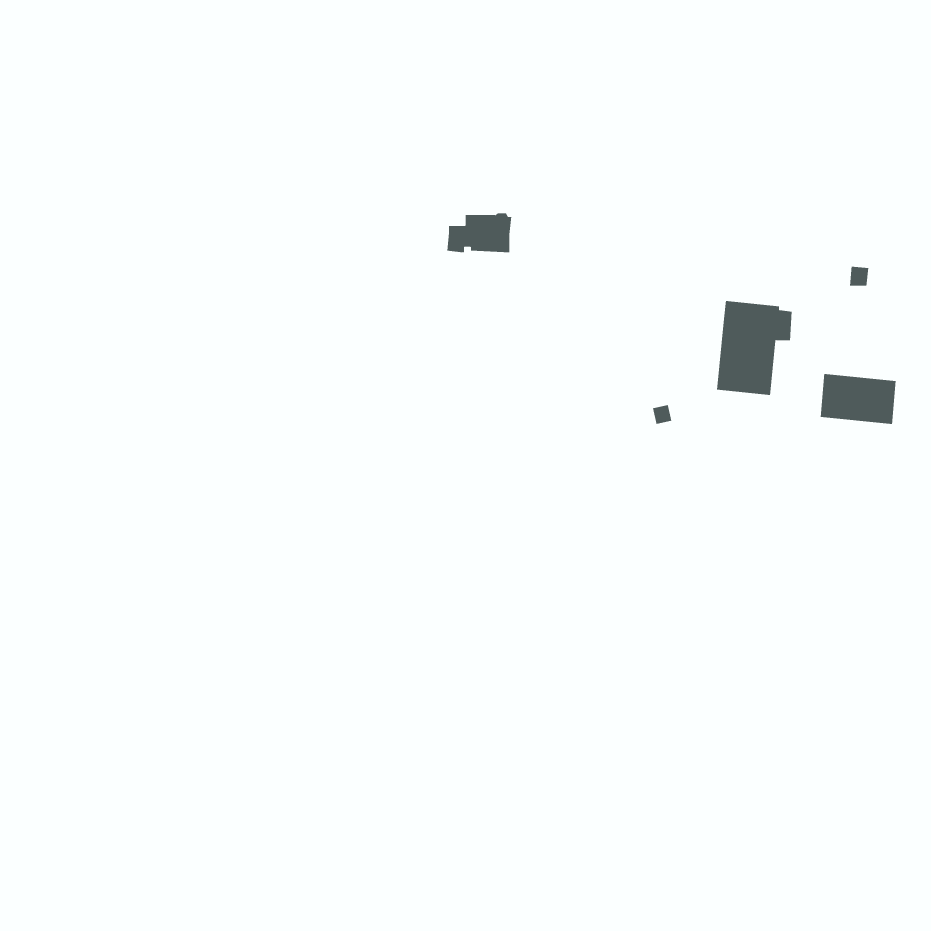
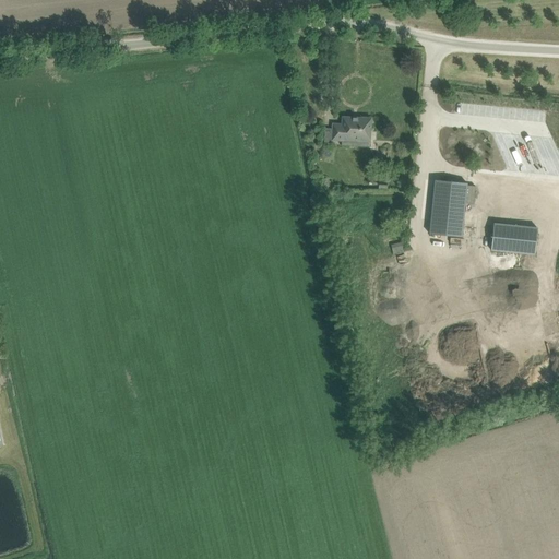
building: [446,213,512,253] -> [332,117,371,141]

